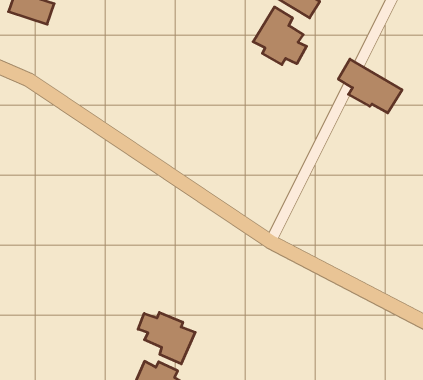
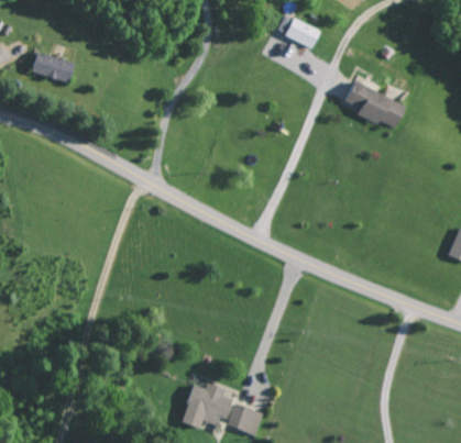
building: [253,7,307,65] -> none
building: [138,312,195,364] -> none

